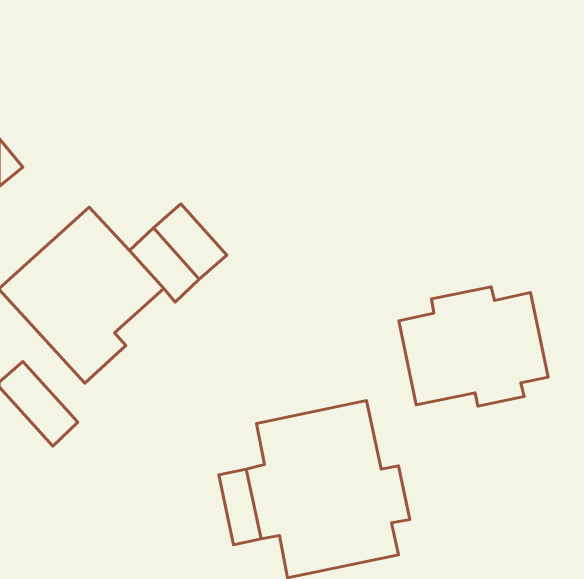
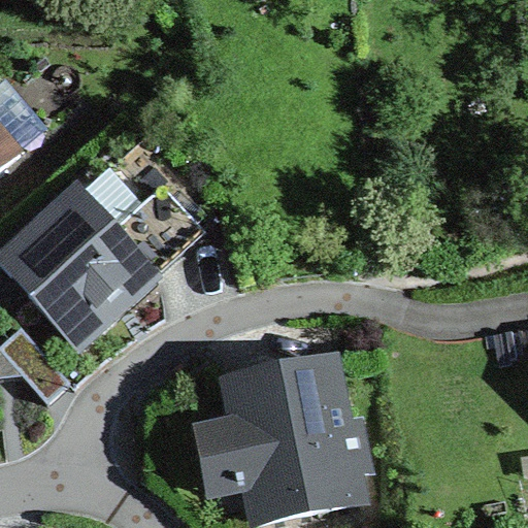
building: [399,287,548,406] -> none

